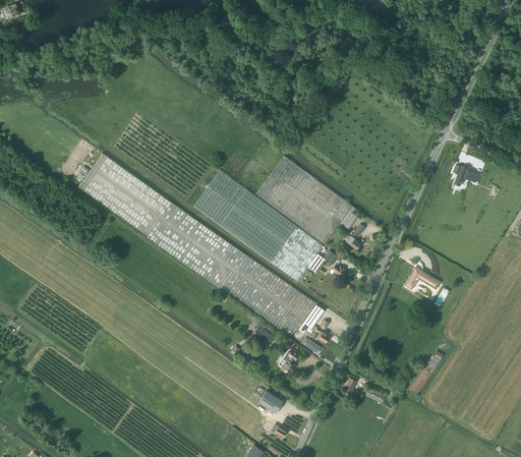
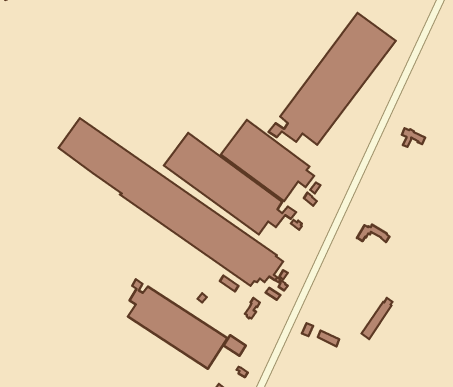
building: none -> [269,13,396,145]
building: none -> [128,279,227,369]

